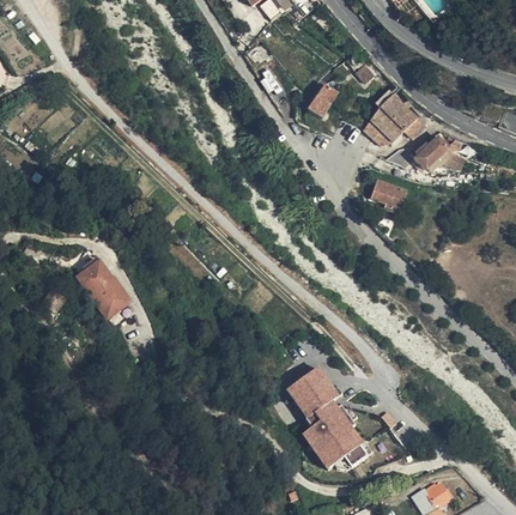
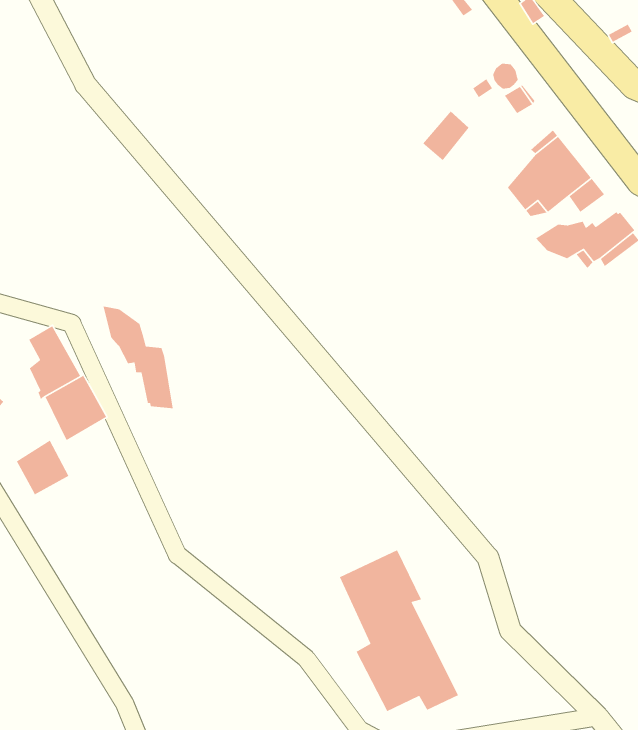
building: [371,180,406,211] -> none
building: none -> [103,306,174,409]
building: none -> [16,440,69,496]

